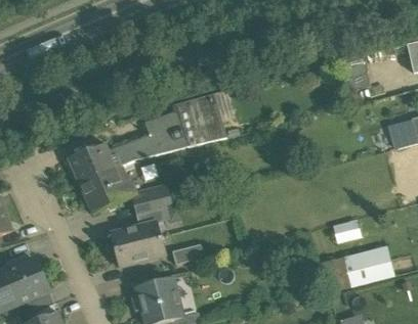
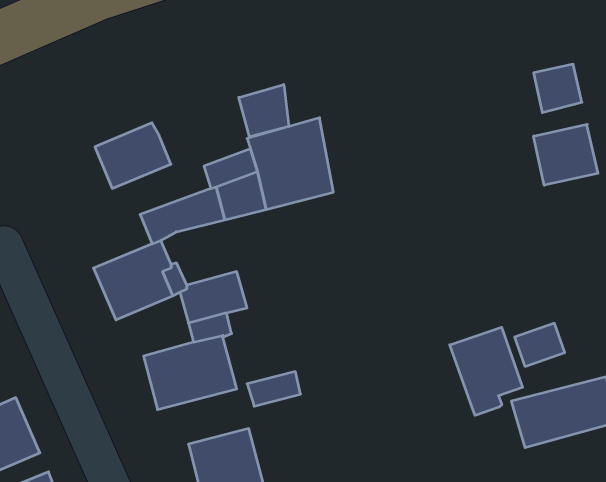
building: none -> [239,84,289,137]
building: none -> [534,124,598,185]
building: [71,142,116,181] -> [95,123,171,188]
building: none -> [450,327,523,415]

